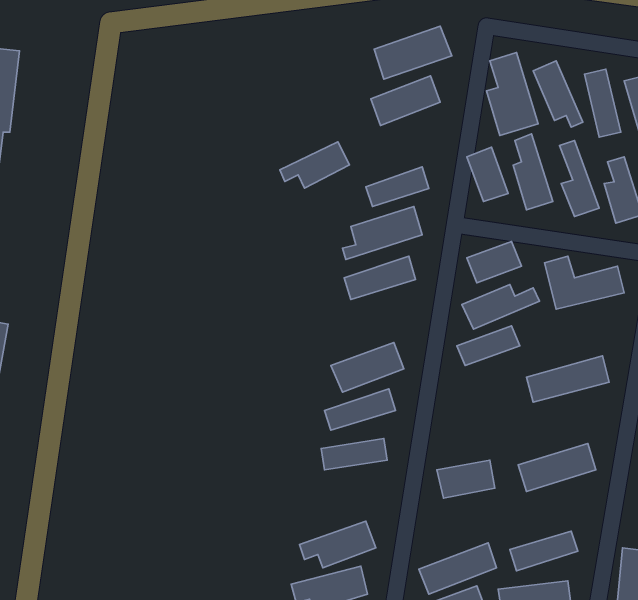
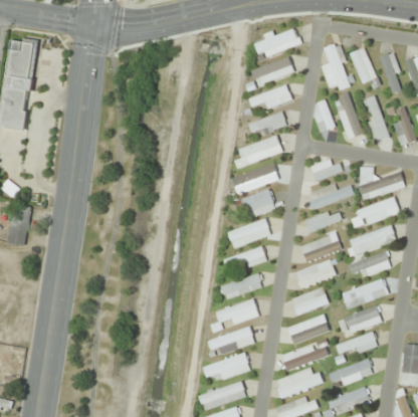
building: [280,142,349,188] -> [249,83,291,112]
building: none -> [240,188,276,219]
building: none -> [356,195,399,228]
building: none -> [299,233,341,262]
building: none -> [349,251,391,277]
building: none -> [295,259,337,287]
building: none -> [216,298,258,328]
building: none -> [339,308,381,333]
building: none -> [286,315,329,345]

